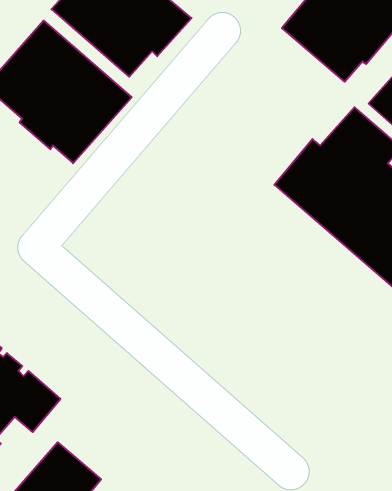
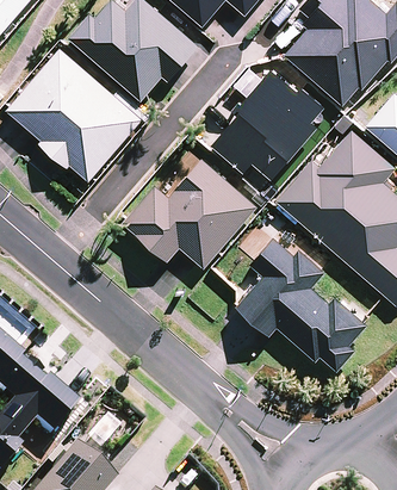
building: none -> [212,68,324,179]
building: none -> [123,159,258,268]
building: none -> [236,236,367,371]

